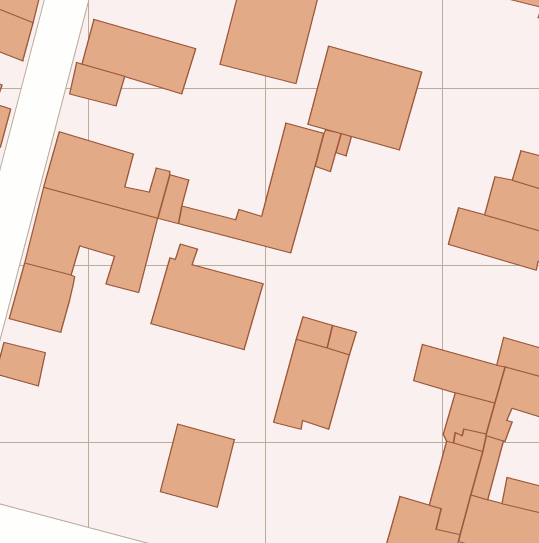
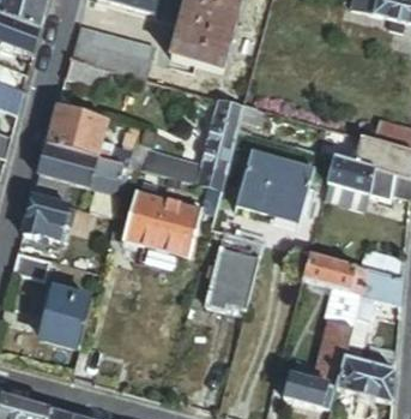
building: [308,46,422,150] -> [234,151,313,223]
building: [160,424,235,507] -> [40,289,91,347]

